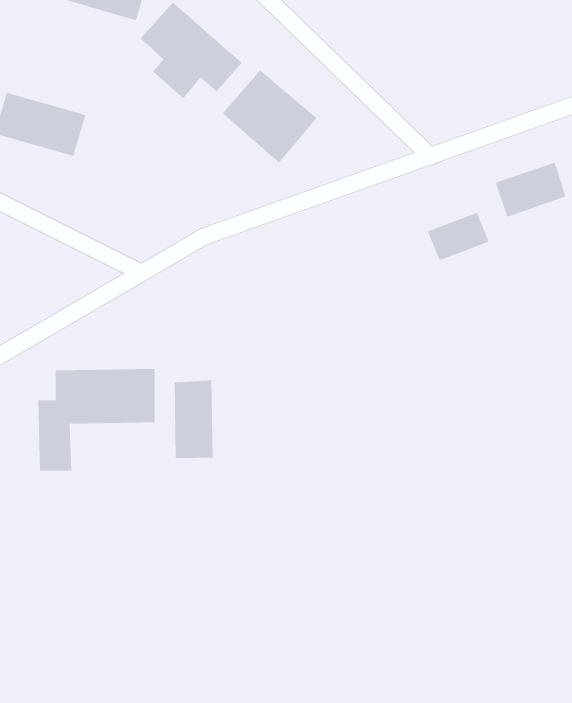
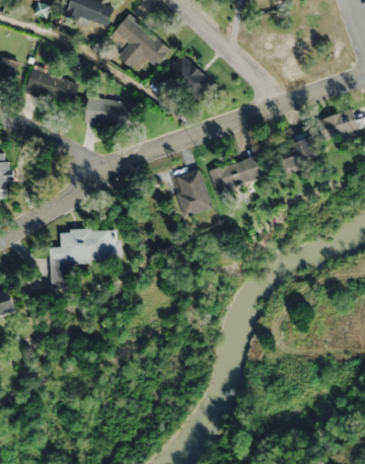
building: none -> [85,98,131,128]
building: none -> [208,156,265,195]
building: none -> [173,169,211,216]
building: [174,379,213,459] -> none

